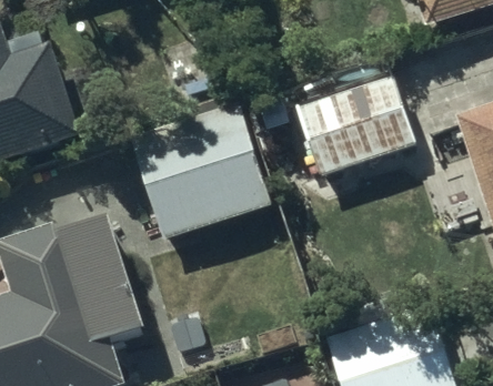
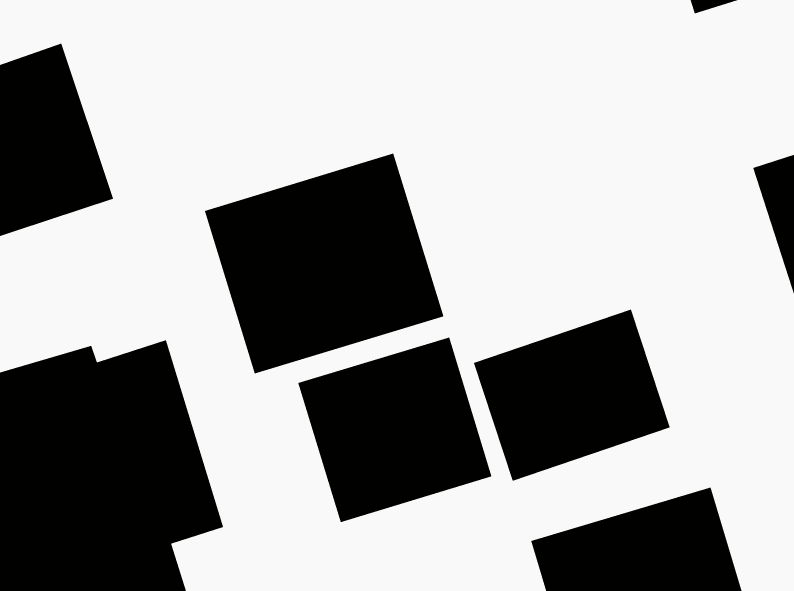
building: [295,72,413,175] -> [473,309,671,482]
building: none -> [297,336,492,523]

